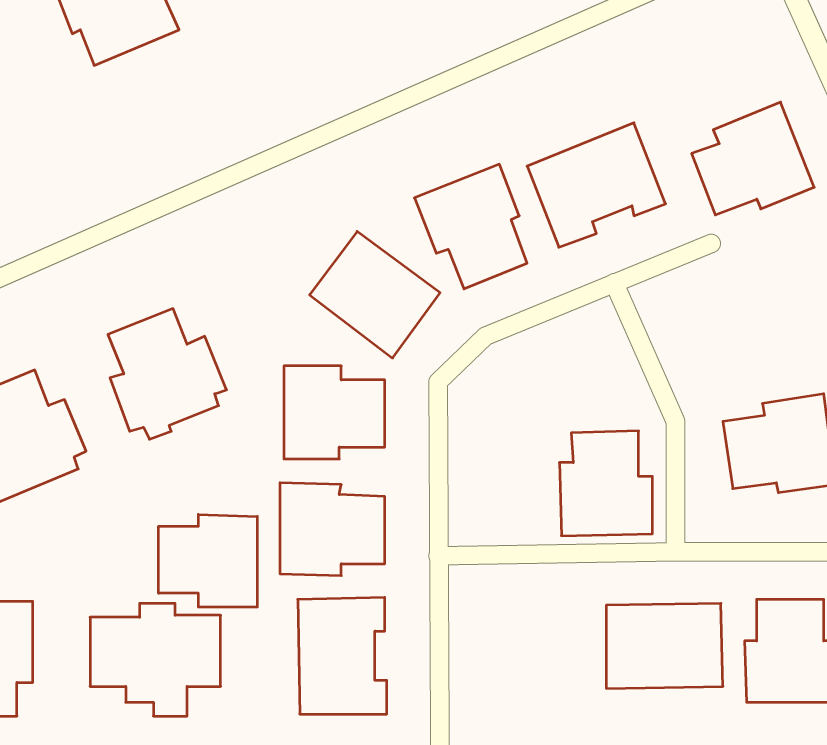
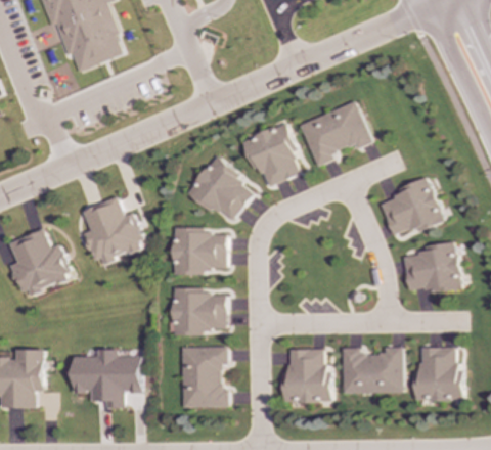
building: [692,102,814,215] -> [380,177,443,235]
building: [559,431,652,536] -> [281,349,329,403]
building: [159,514,257,607] -> none

